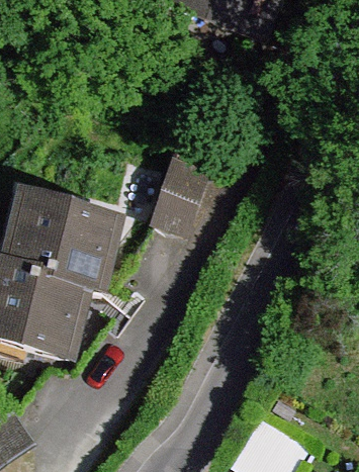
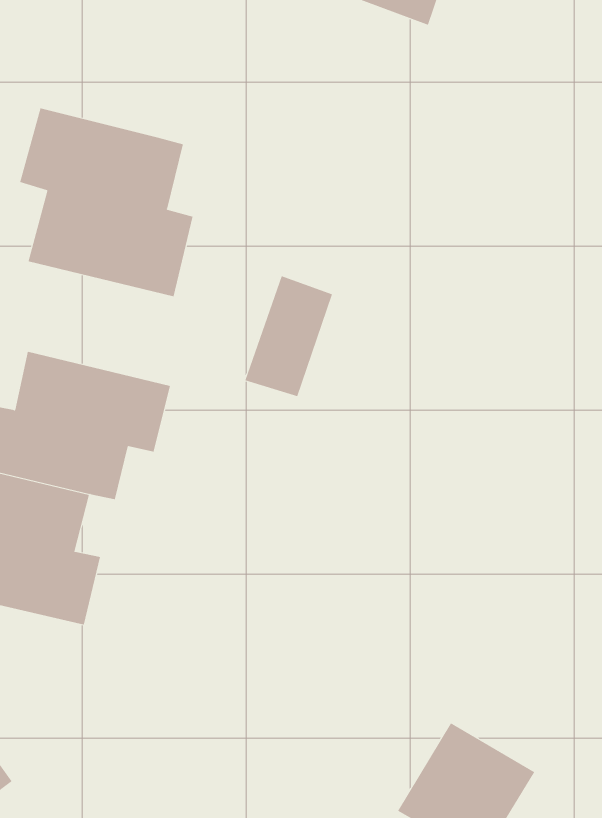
building: none -> [19,107,193,297]

